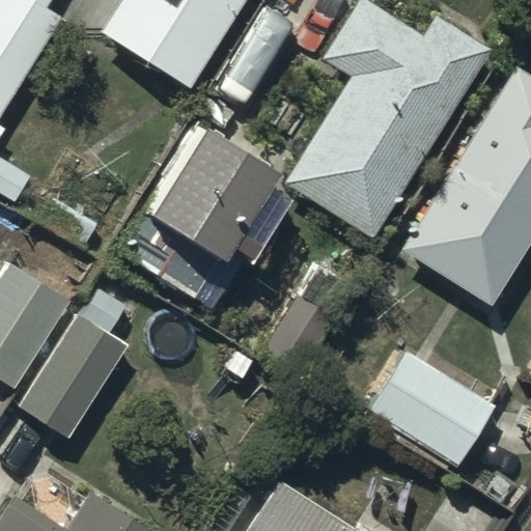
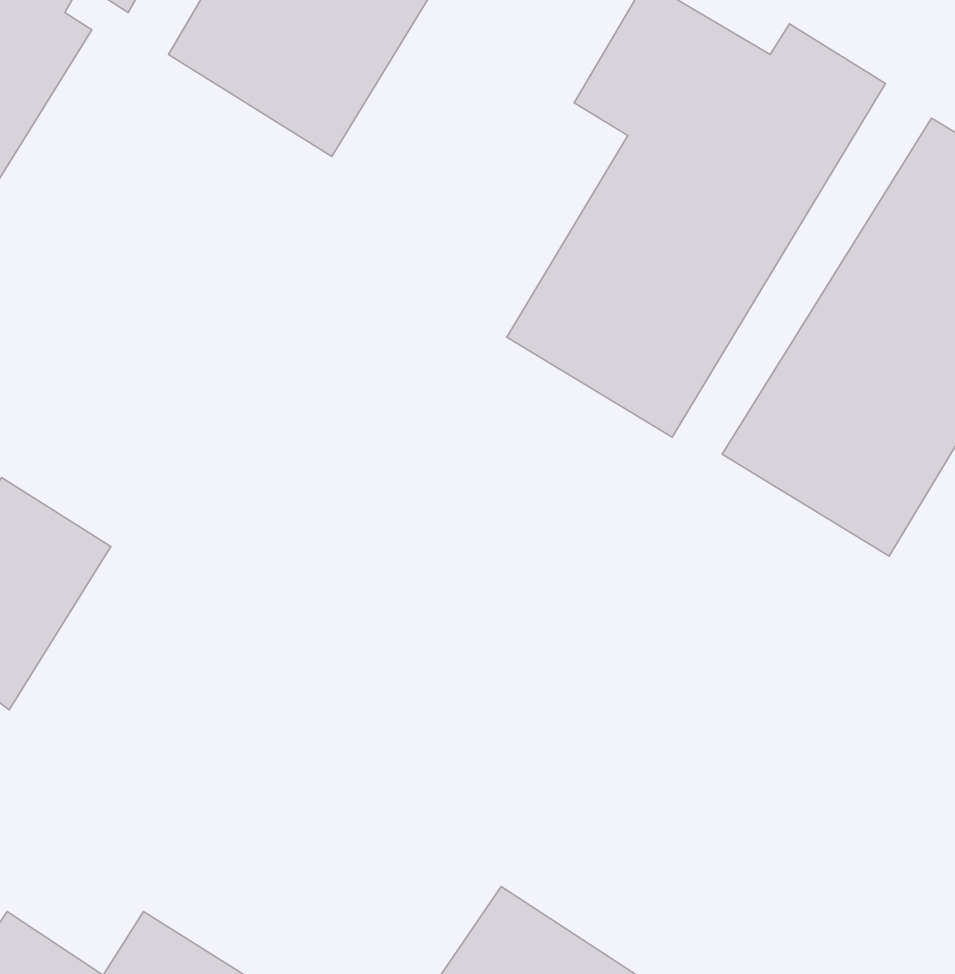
building: [147,123,290,263] -> none
building: [22,287,144,436] -> none
building: [368,351,495,465] -> none

